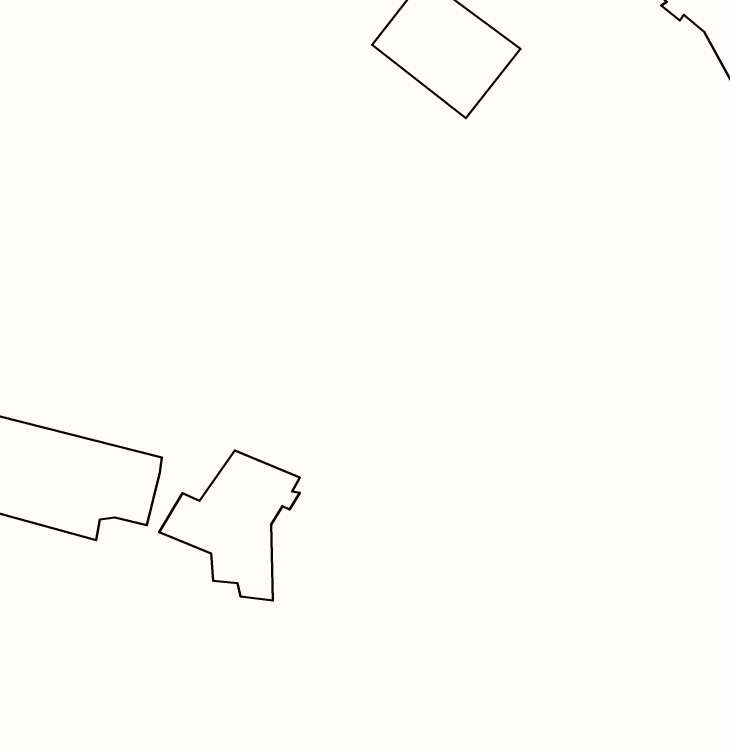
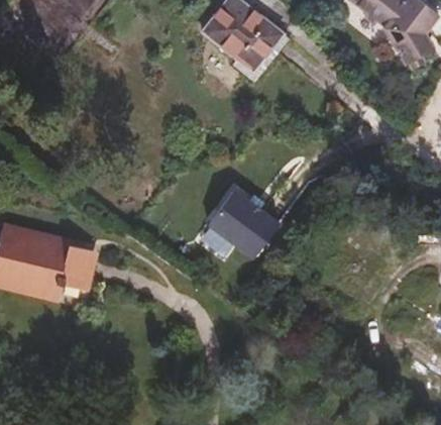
building: none -> [210,189,281,256]
building: [159,451,300,600] -> none

